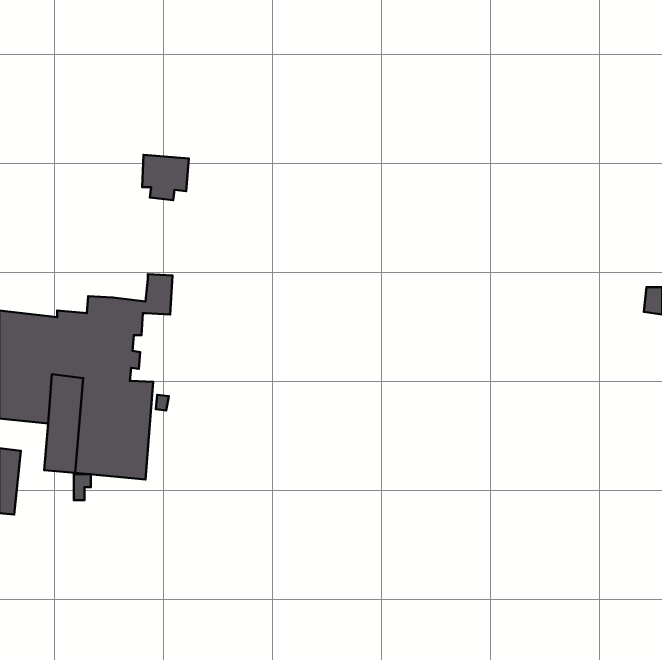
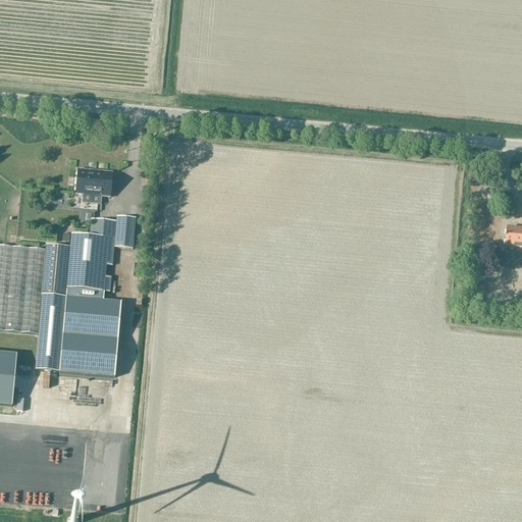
building: [142,155,189,200] -> [75,167,112,203]
building: none -> [89,217,116,237]

